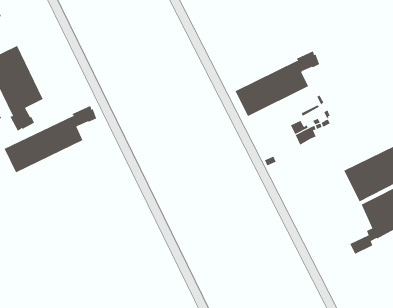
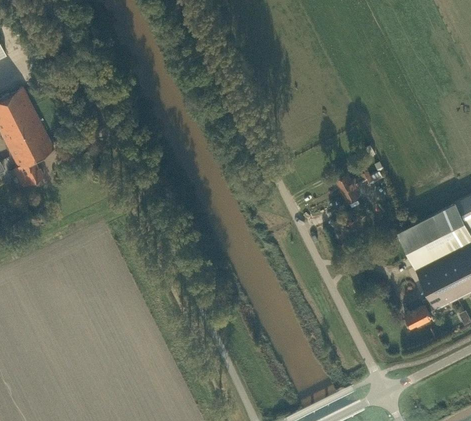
building: [235,50,320,117] -> none
building: [4,105,97,173] -> none

